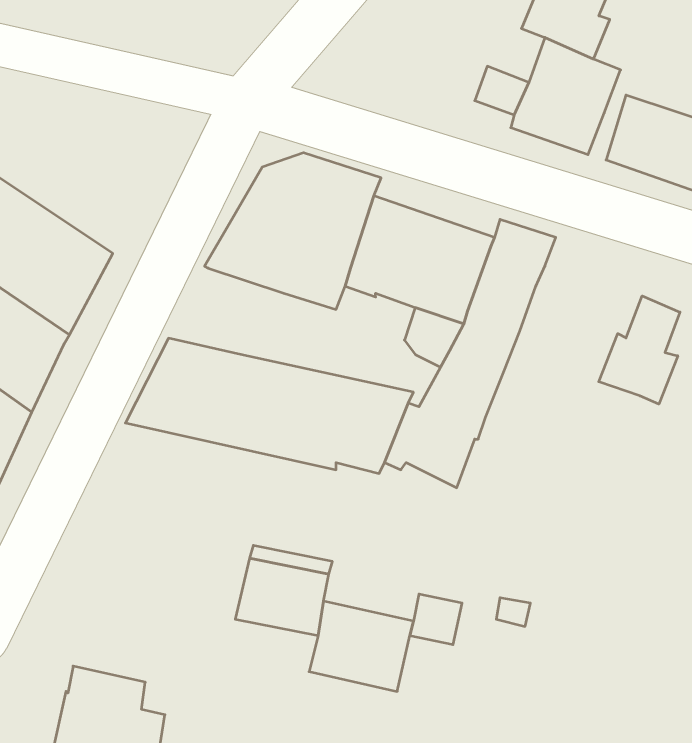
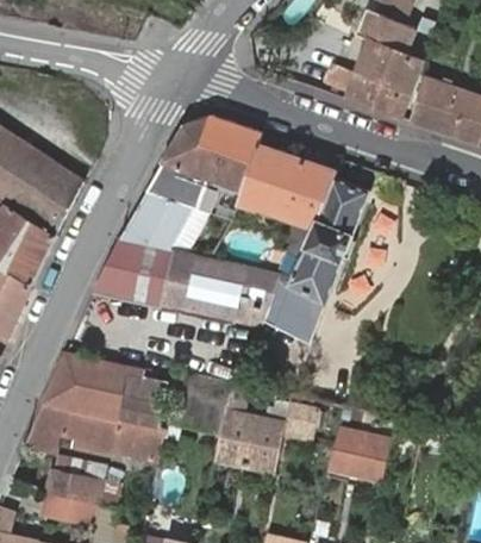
building: none -> [121,192,187,249]
building: [599,296,680,404] -> none
building: none -> [23,354,168,464]
building: none -> [326,432,388,485]

